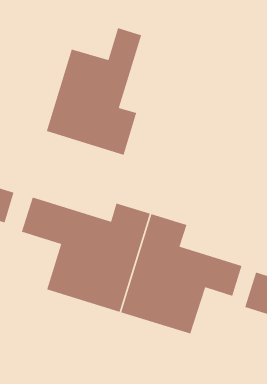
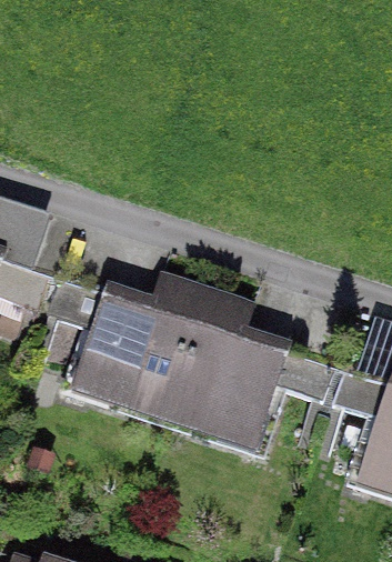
building: [46,27,142,156] -> none

